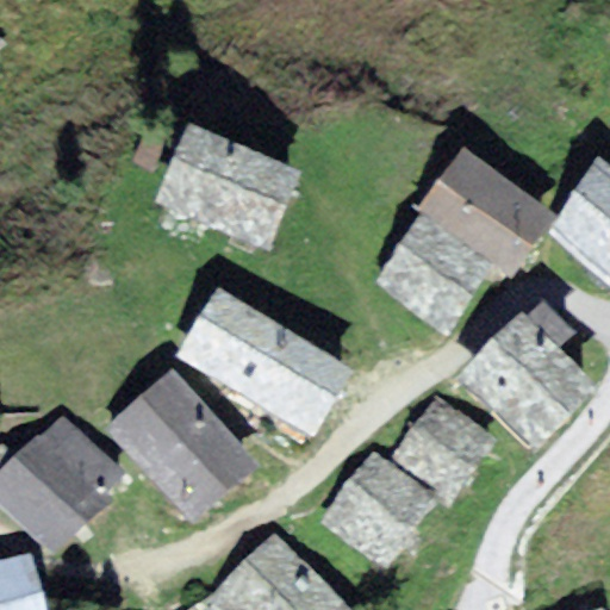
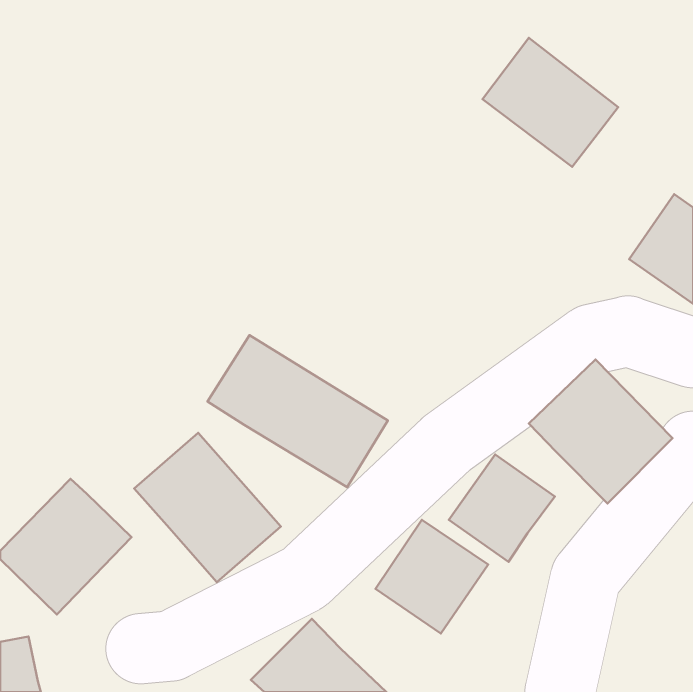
building: [166,131,288,232] -> none
building: [427,151,546,264] -> [483,38,618,167]
building: [382,220,487,322] -> none

